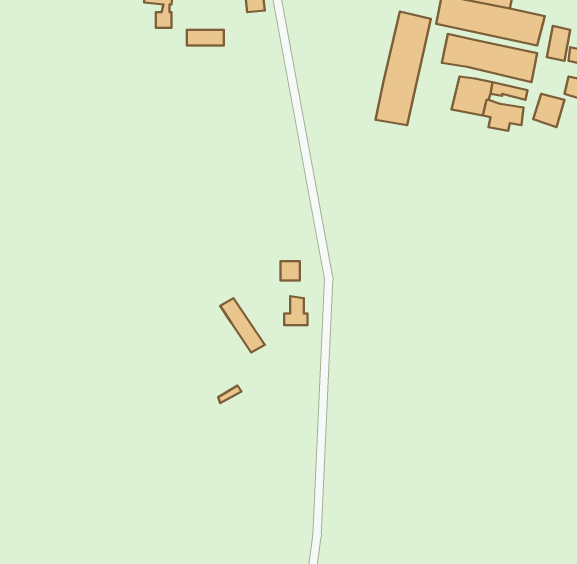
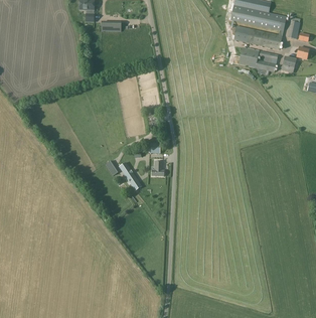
building: [375,12,431,125] -> none

